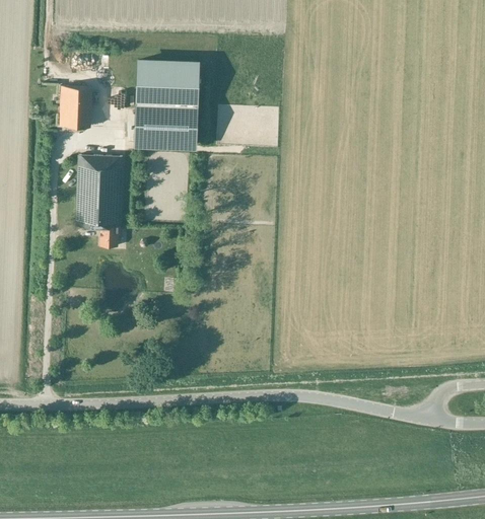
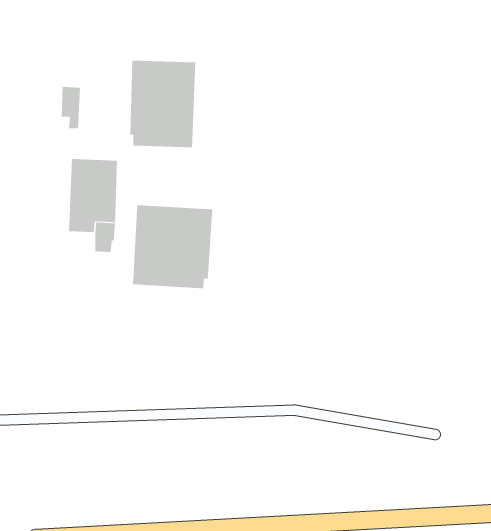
building: [60,87,77,128] -> none
building: none -> [132,204,213,289]

